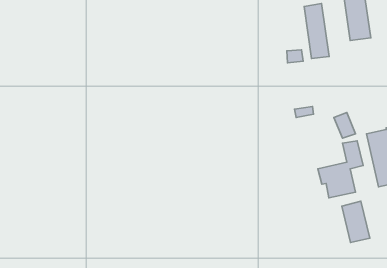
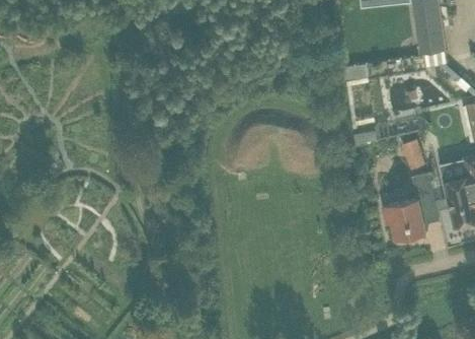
building: [304,3,329,59] -> none
building: [342,201,370,243] -> none

